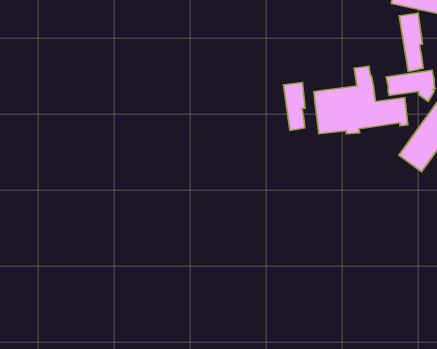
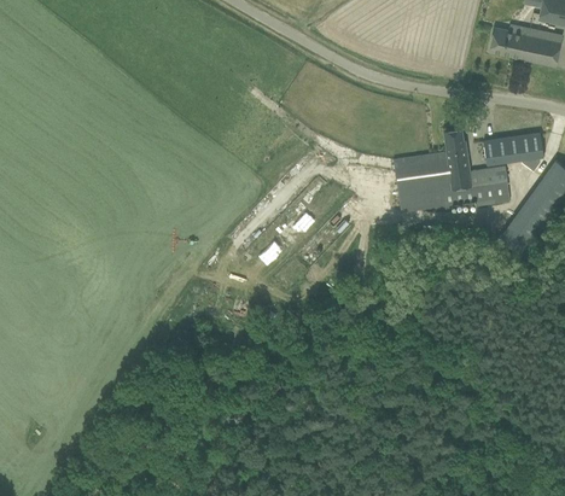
building: [399,13,423,71] -> none
building: [283,82,305,130] -> none

